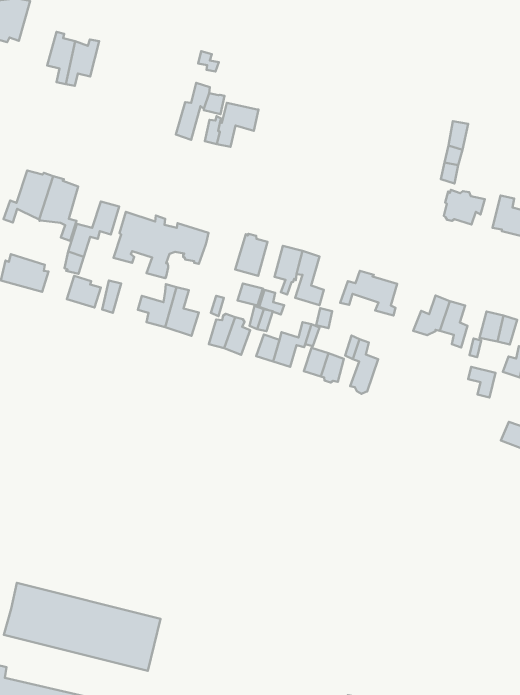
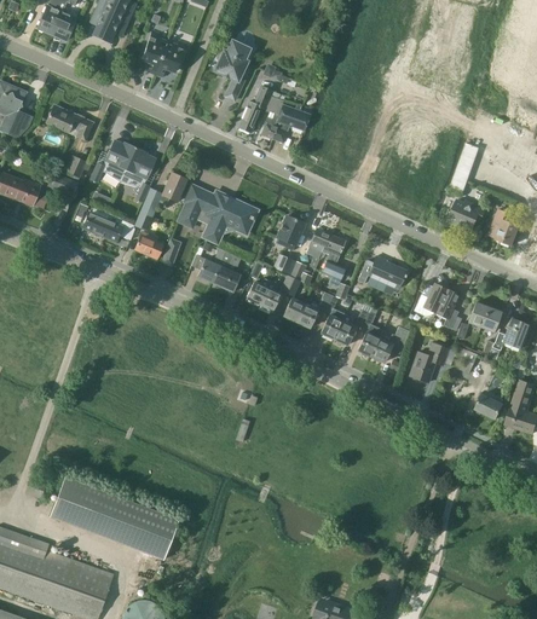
building: none -> [215,40,250,100]
building: none -> [370,326,408,363]
building: none -> [409,342,448,382]

